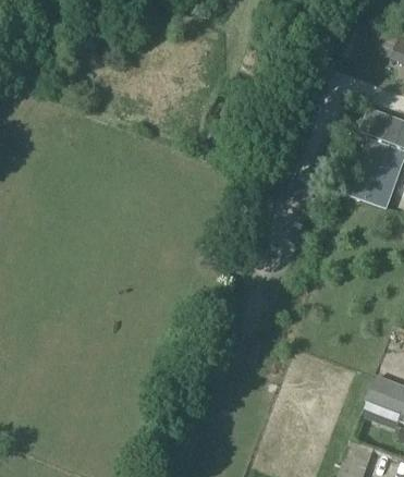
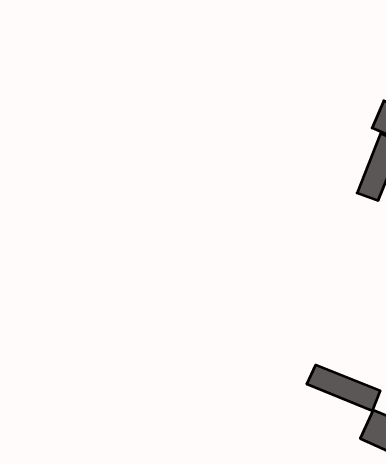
building: none -> [307,365,380,411]

